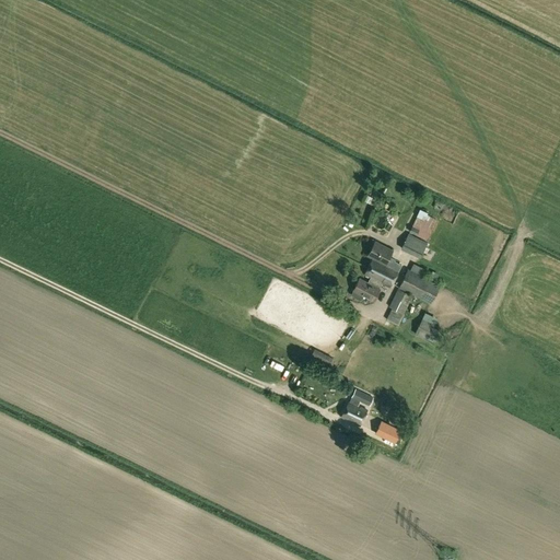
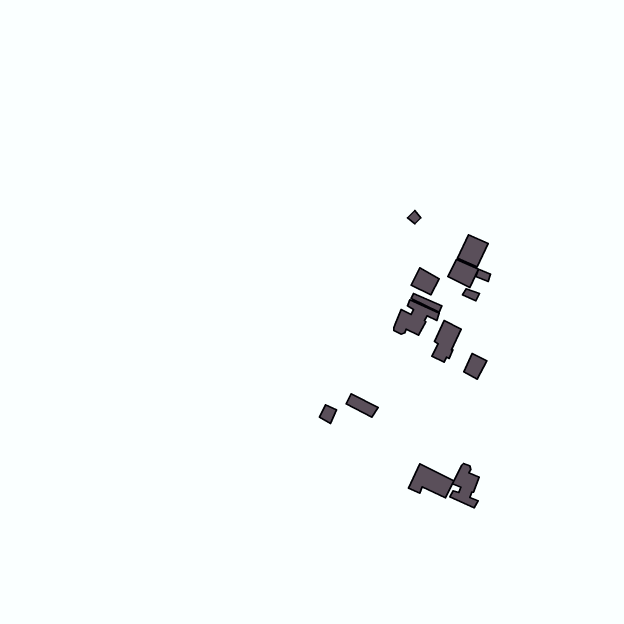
building: [399,267,441,302] -> none
building: [342,387,374,424] -> none
building: none -> [450,463,479,508]

